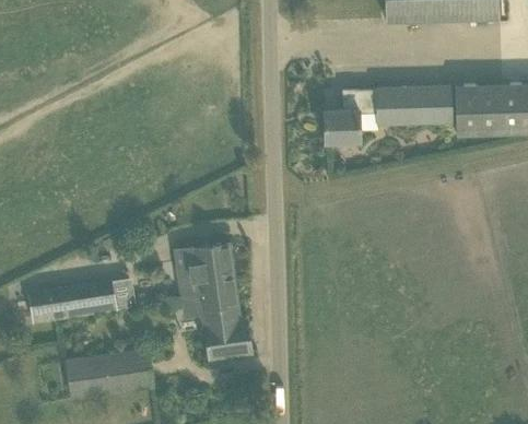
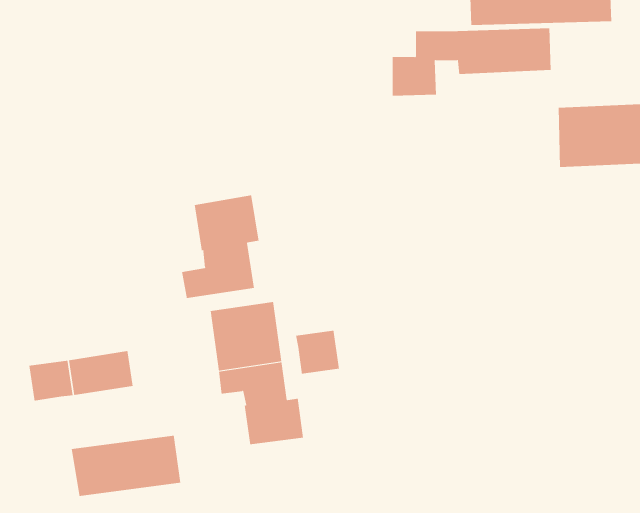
building: [325,87,453,142] -> [392,28,551,96]
building: none -> [182,194,259,299]
building: none -> [296,330,340,374]

